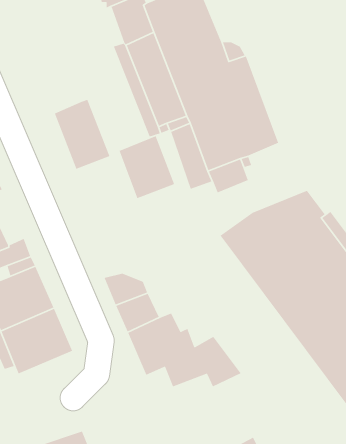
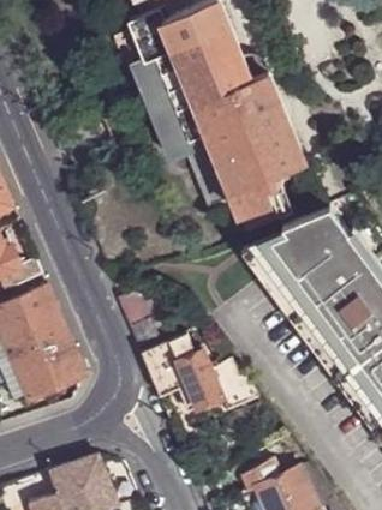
building: [54,99,110,170] -> none
building: [118,135,175,199] -> none

